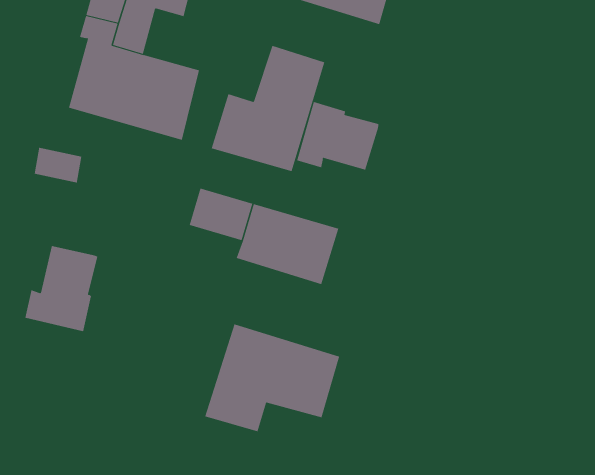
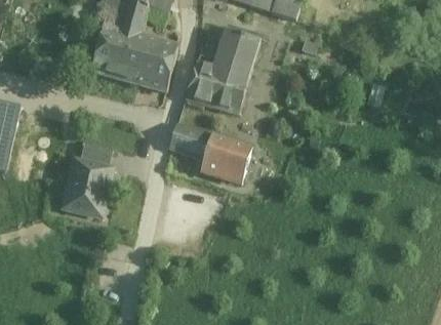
building: [296,101,379,171] -> none
building: [34,147,82,183] -> [79,144,111,167]
building: [205,323,340,432] -> none

